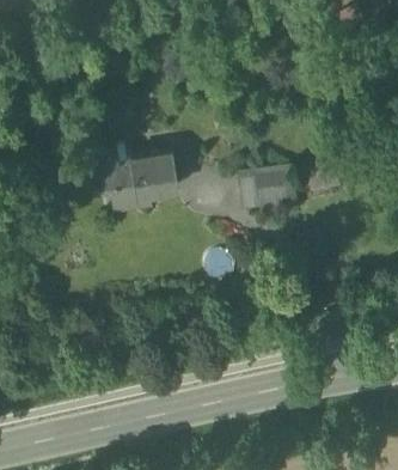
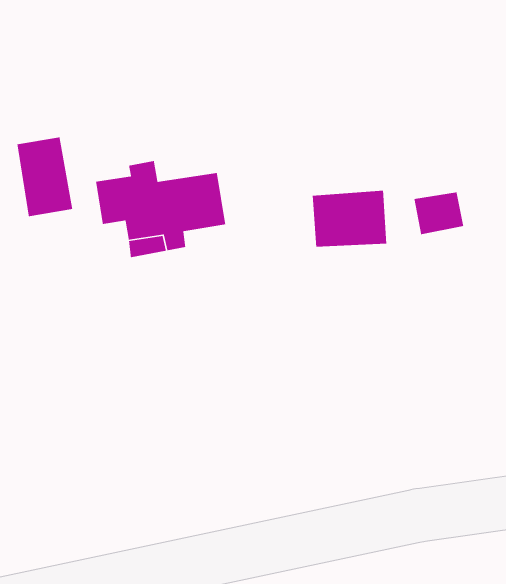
building: none -> [16,137,73,217]

